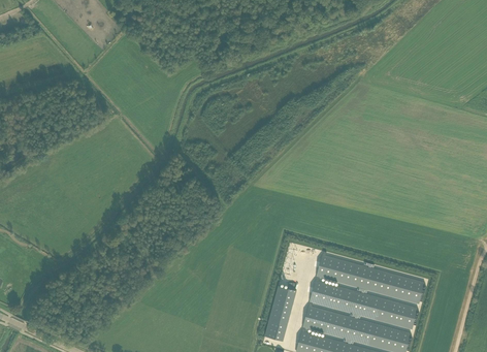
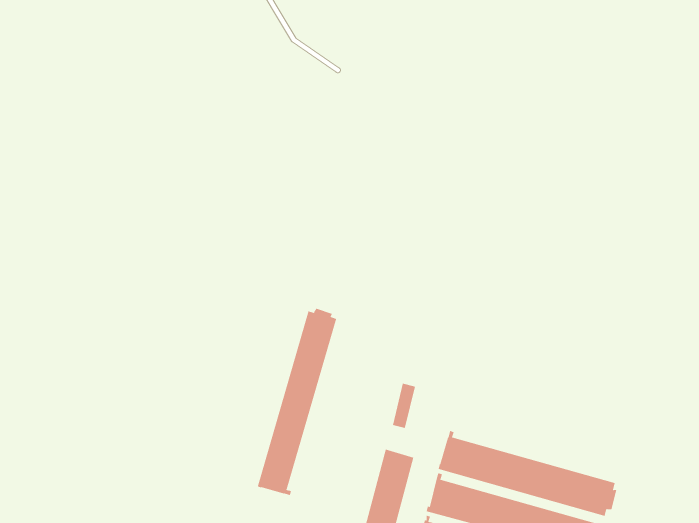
building: none -> [257,308,337,496]
building: [317,250,426,302] -> none

